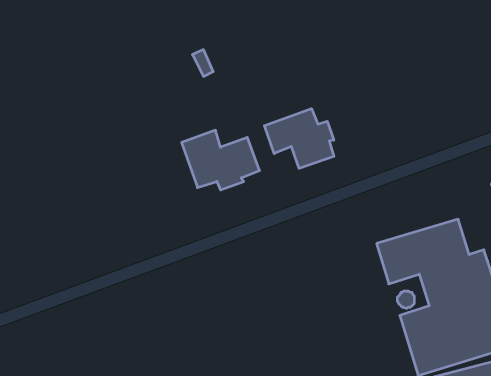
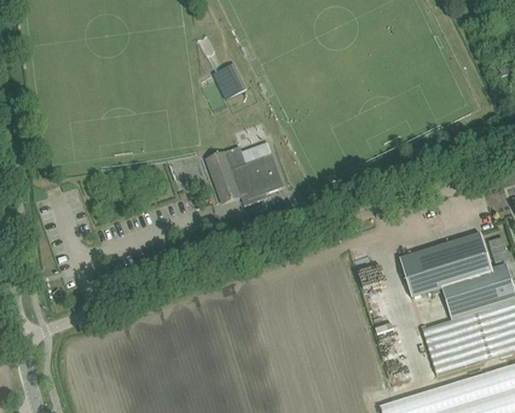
building: [264,109,334,168] -> none

